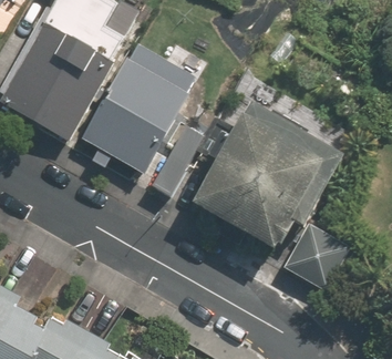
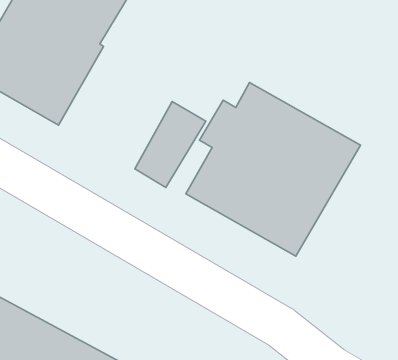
building: [80,48,194,178] -> none
building: [286,224,351,289] -> none

